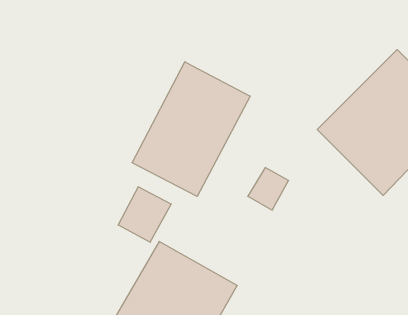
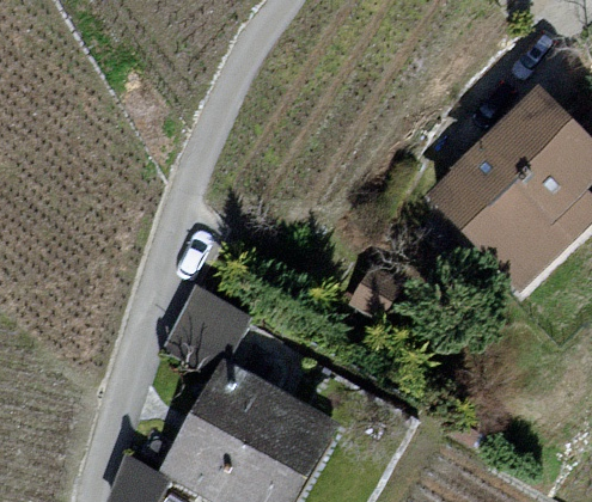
building: [132,62,250,196] -> none

